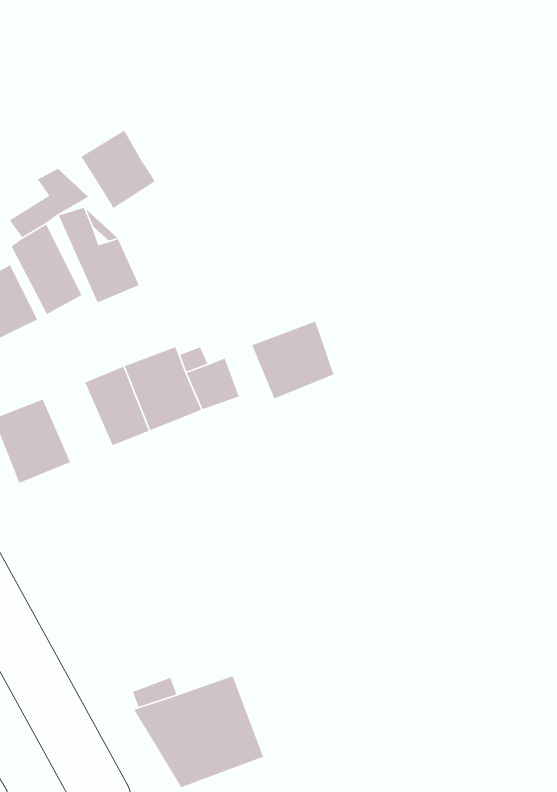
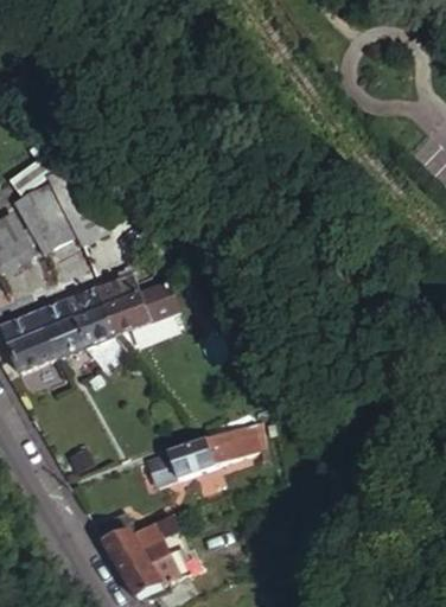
building: [80,130,156,209] -> none
building: [251,320,334,400] -> none
building: none -> [36,301,85,359]
building: none -> [146,421,257,484]

